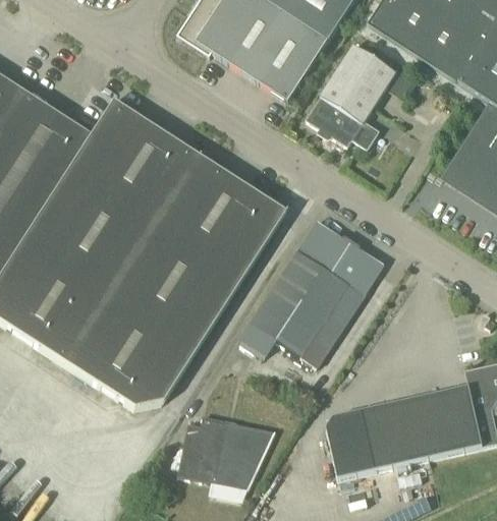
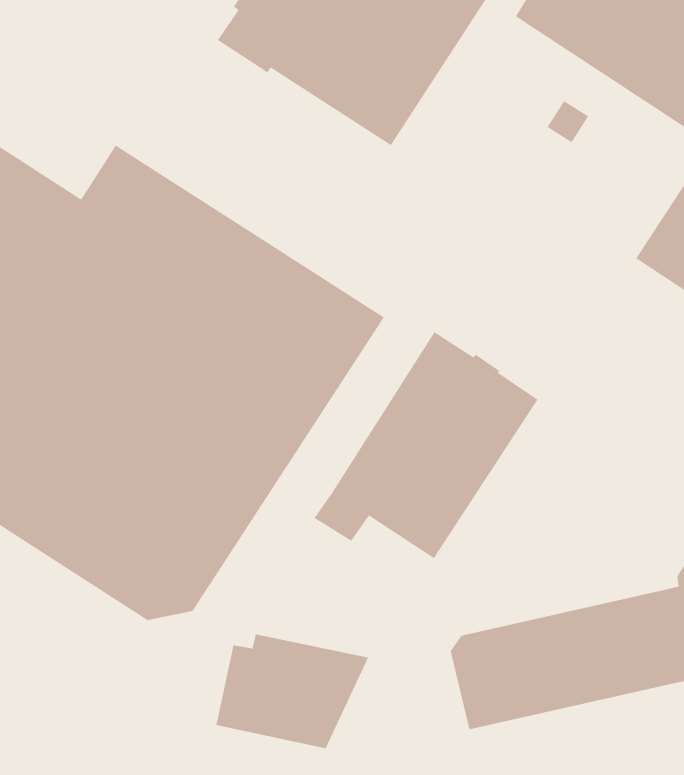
building: [306,43,396,148] -> none

